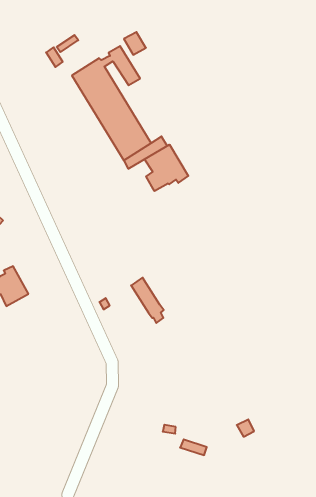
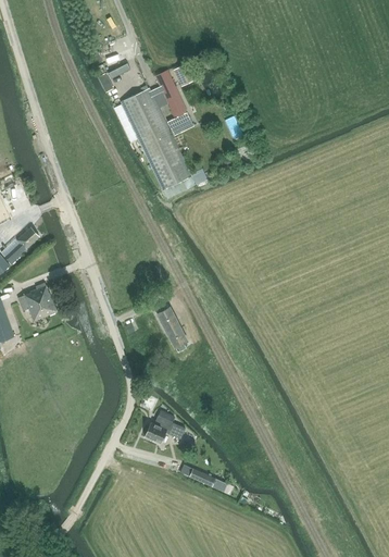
building: [144,145,188,191] -> none
building: none -> [145,414,186,443]

